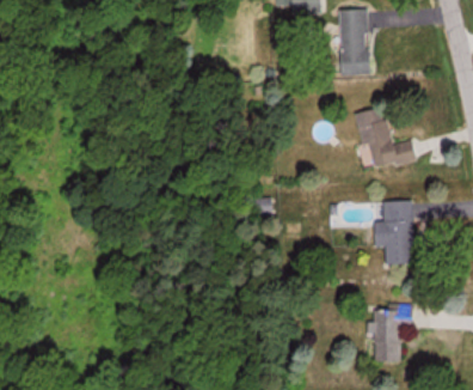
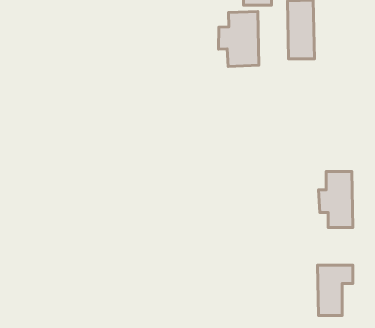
building: none -> [218,11,259,66]
building: [357,108,416,169] -> none

